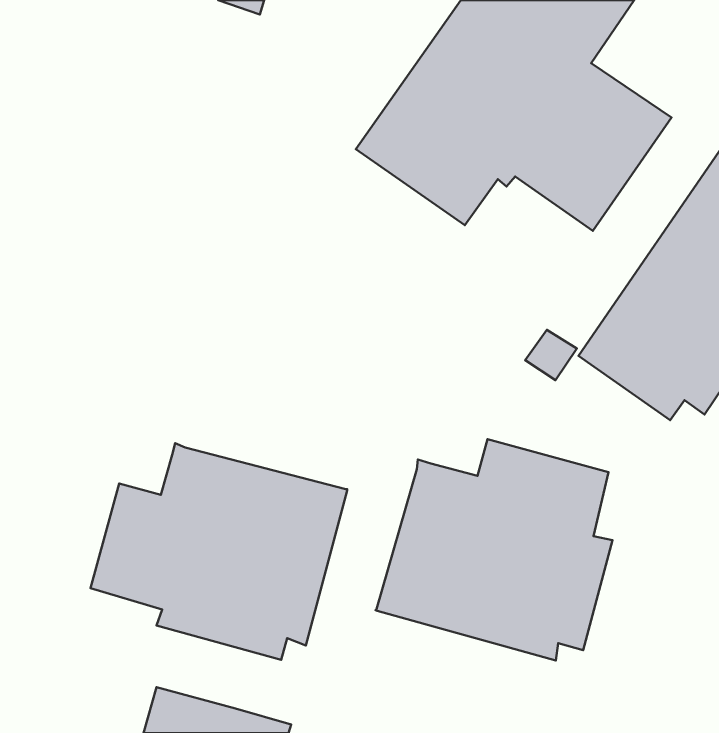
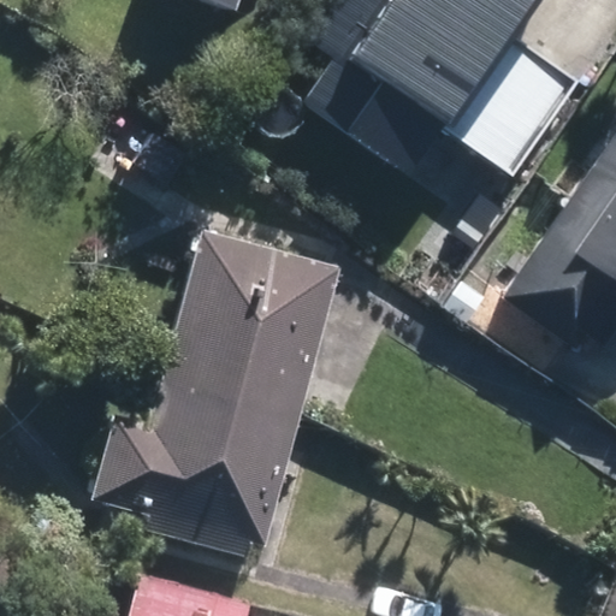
building: none -> [159,220,344,410]
building: [376,439,612,661] -> none

